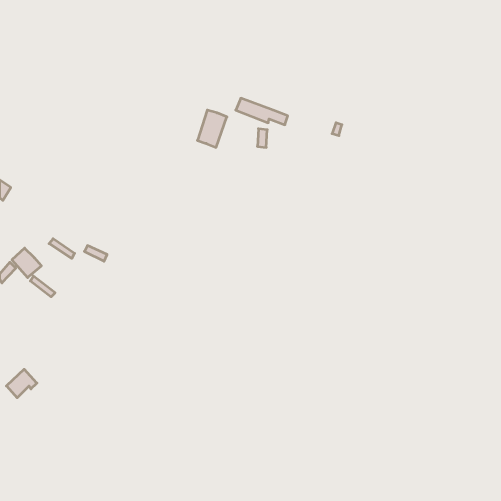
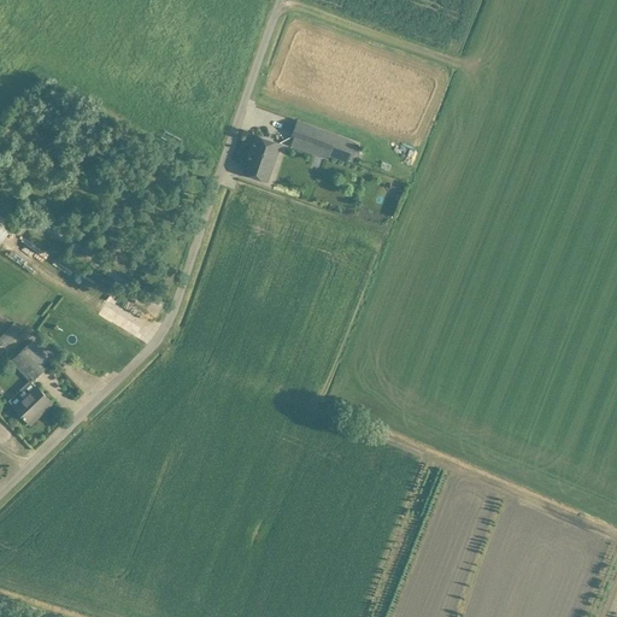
building: [12,248,41,278] -> [10,346,46,382]
building: [6,369,37,398] -> [13,387,51,422]

